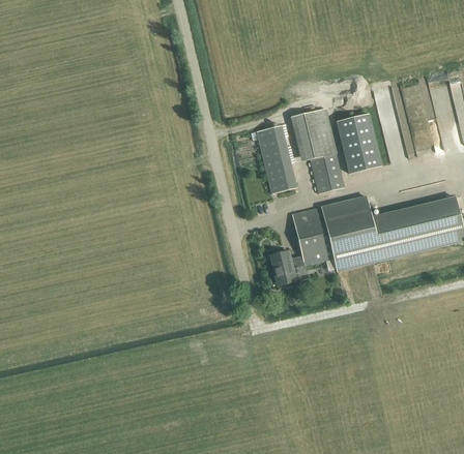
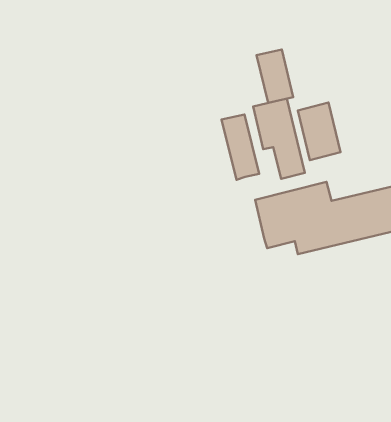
building: none -> [257,50,293,103]
building: [270,249,304,284] -> none

